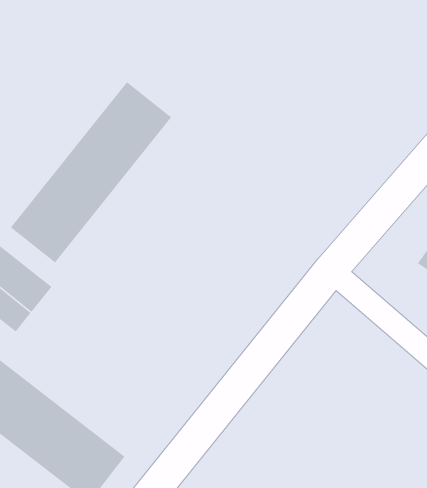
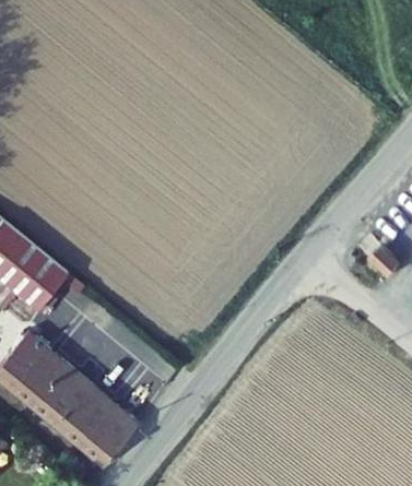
building: [10,81,172,263] -> none

